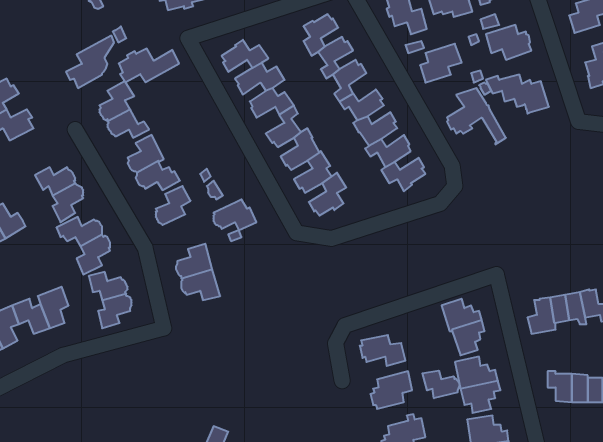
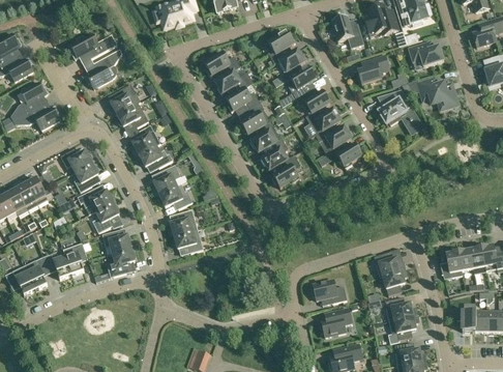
building: [119,49,179,82] -> [70,33,117,59]
building: [213,199,256,230] -> [159,184,193,208]
building: [422,371,460,398] -> none

